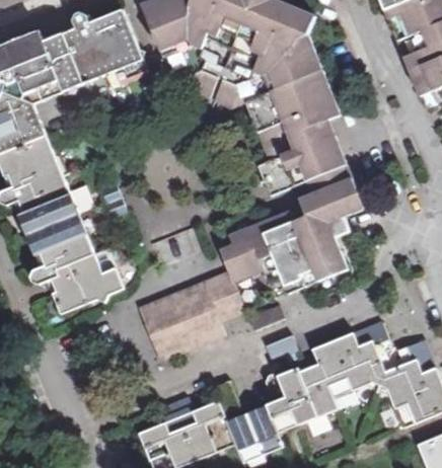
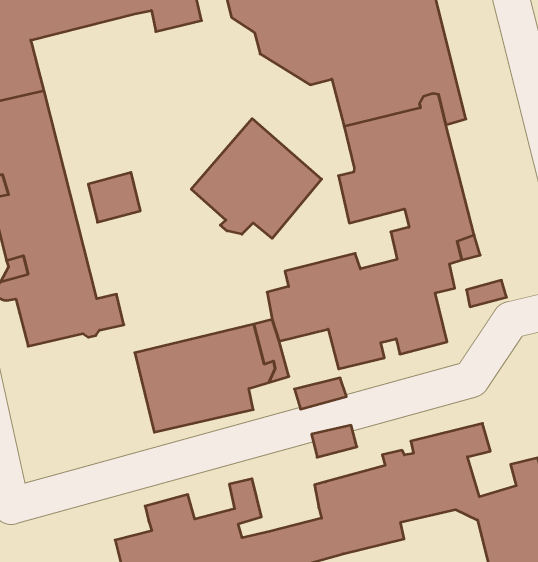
building: none -> [191,119,322,238]

